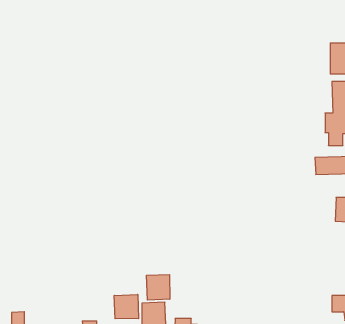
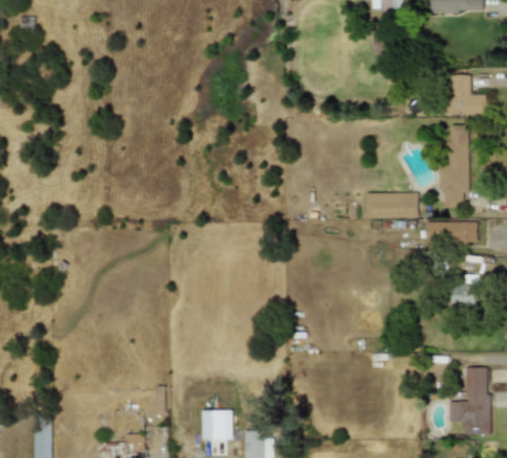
building: none -> [366,193,419,218]
building: [147,275,170,300] -> none
building: [114,294,139,319] -> none

